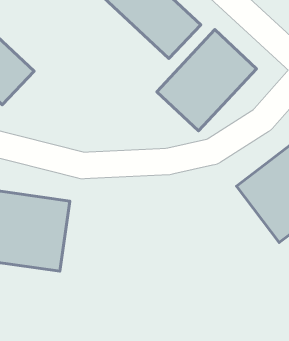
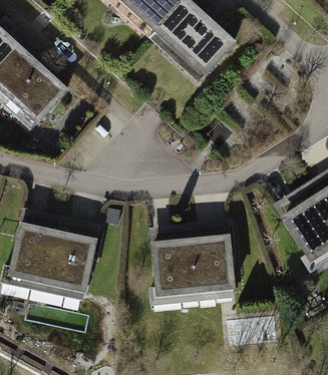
building: [157,30,257,131] -> none
building: none -> [143,224,238,298]

